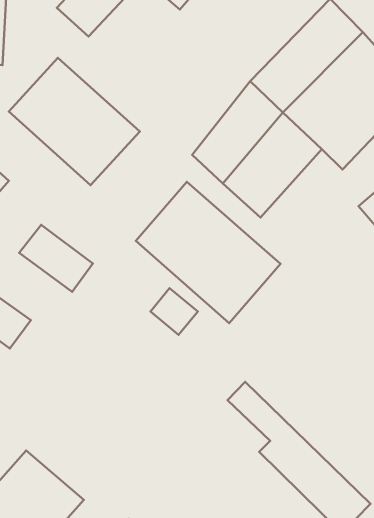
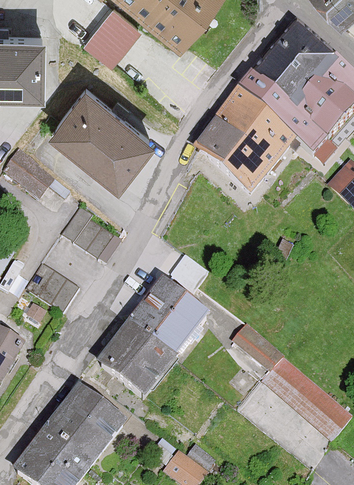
building: [136,182,280,323] -> none
building: none -> [95,281,209,403]

